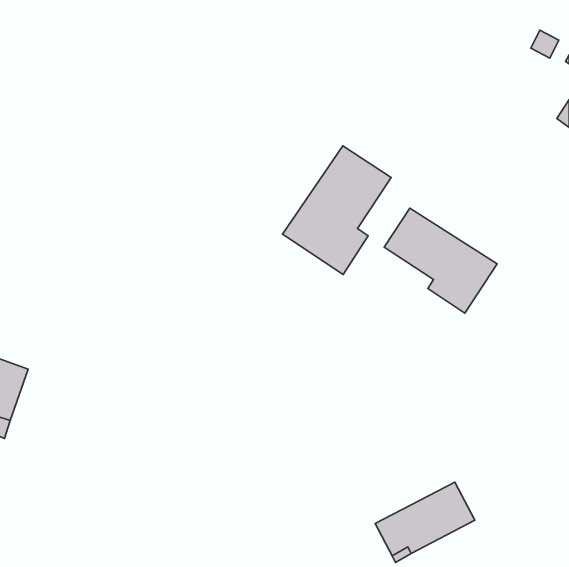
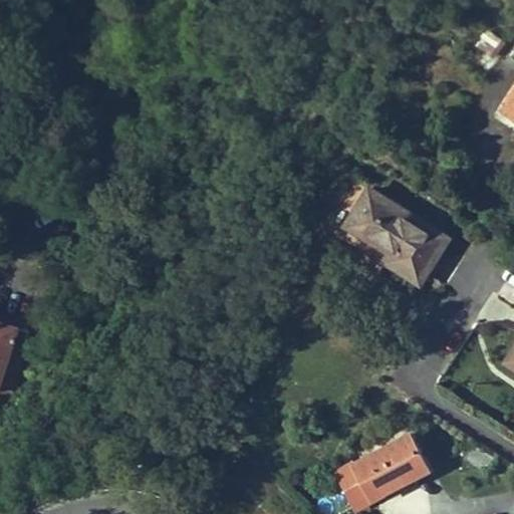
building: [282,146,391,274] -> none

